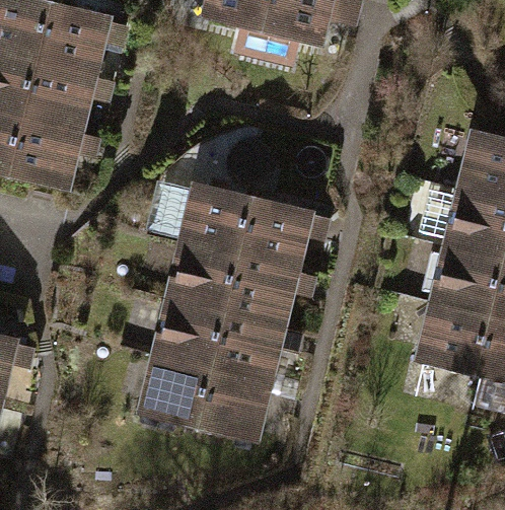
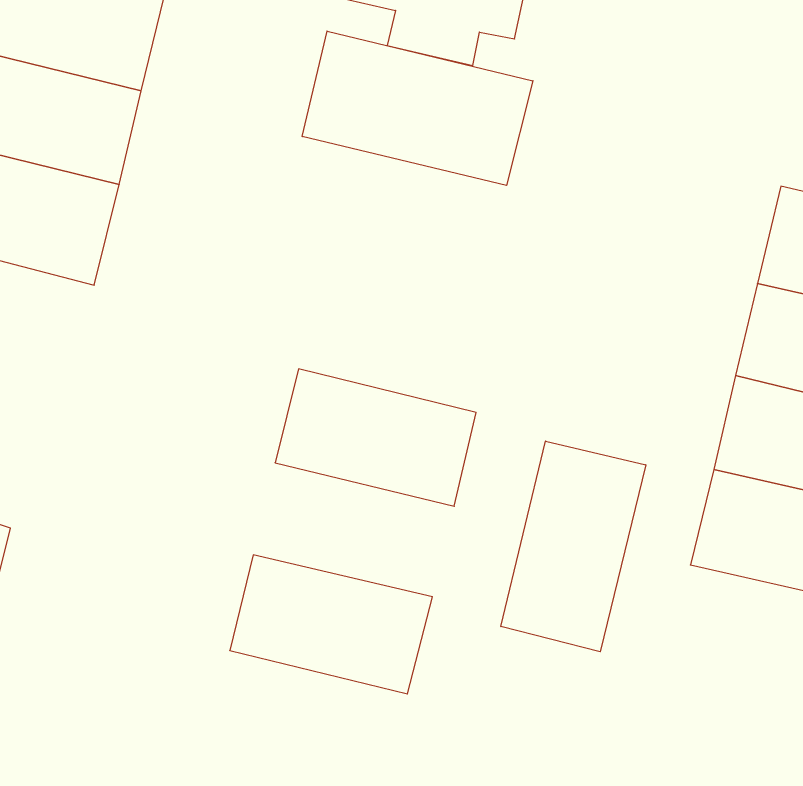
building: none -> [302,31,533,185]
building: [187,185,308,269] -> none
building: none -> [501,441,646,652]
building: [159,299,281,380] -> none

